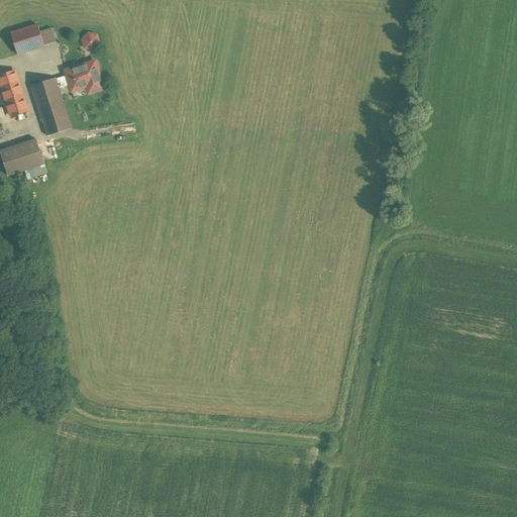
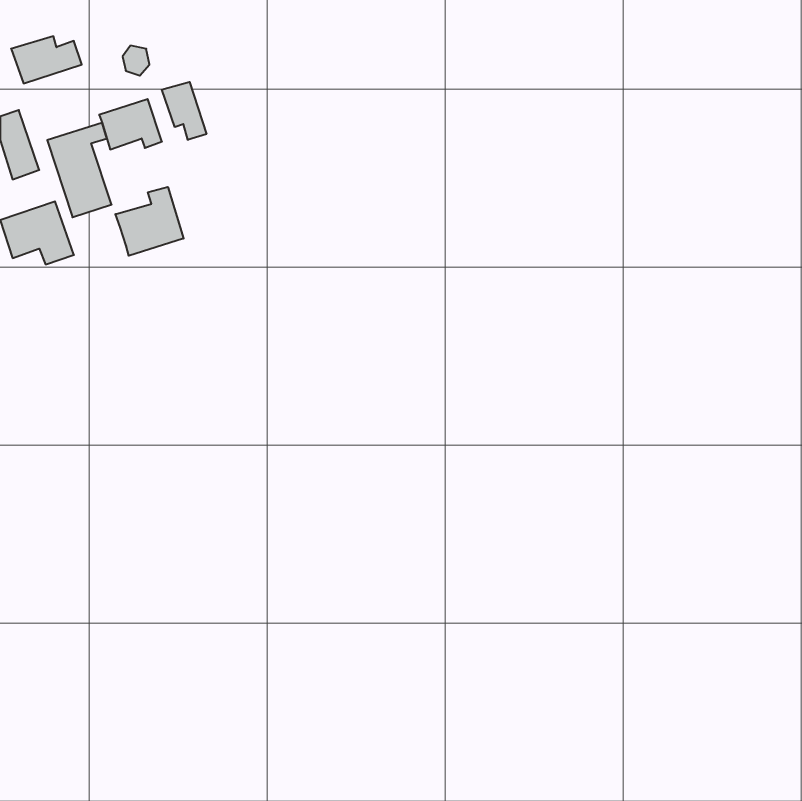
building: none -> [162,82,206,140]
building: none -> [115,187,184,256]

